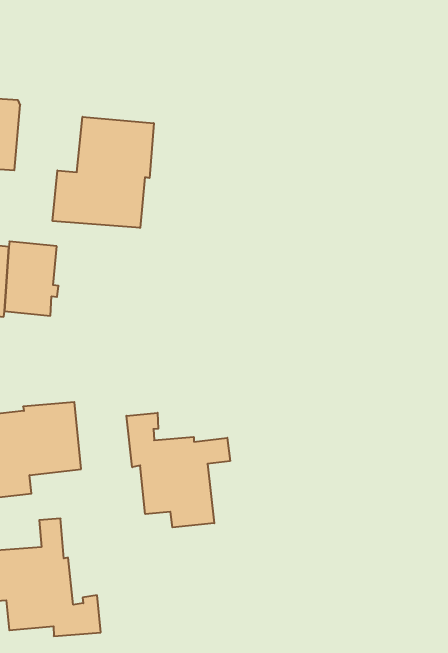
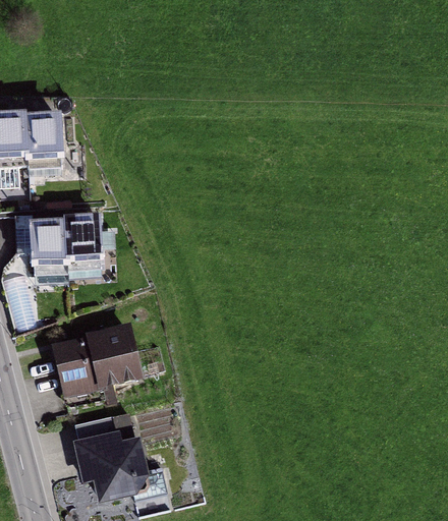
building: [53,117,154,228] -> none
building: [126,413,230,527] -> none

